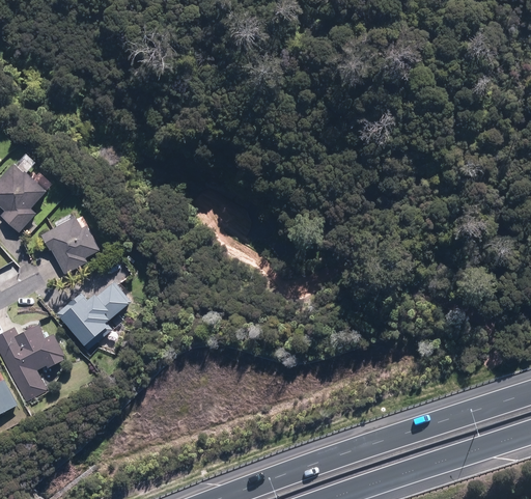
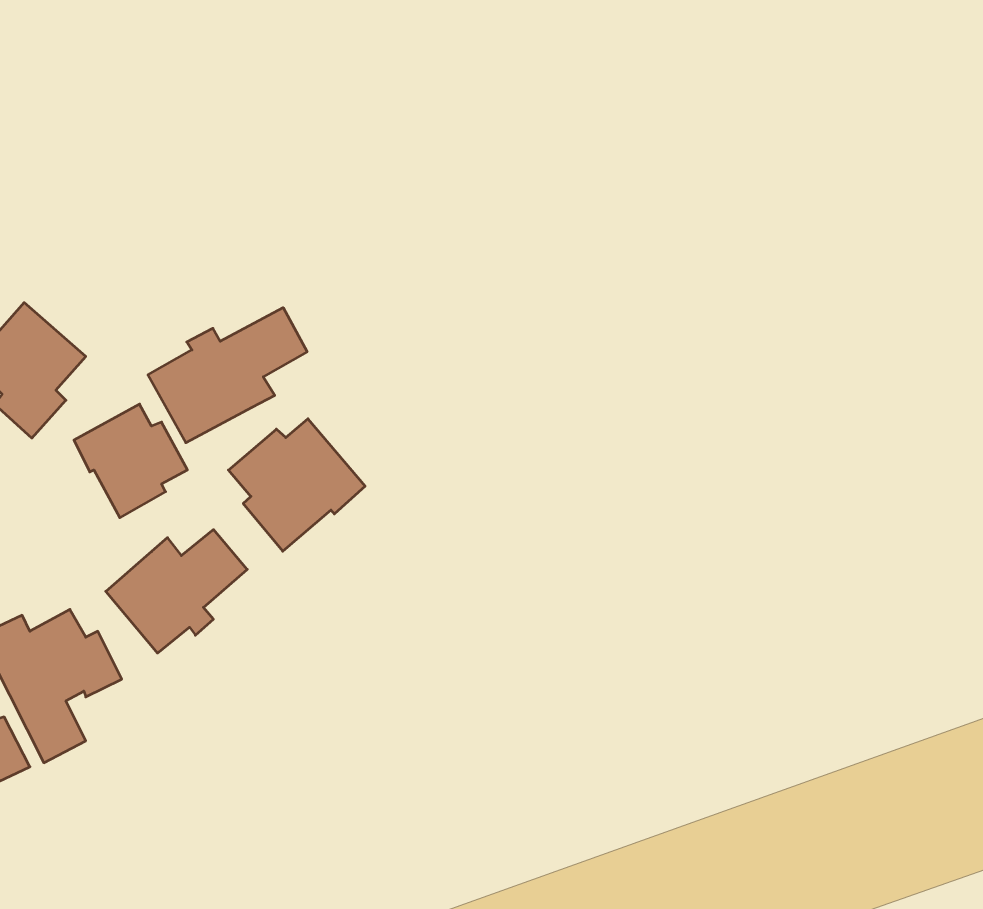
building: none -> [148,308,307,443]
building: none -> [228,419,365,551]

